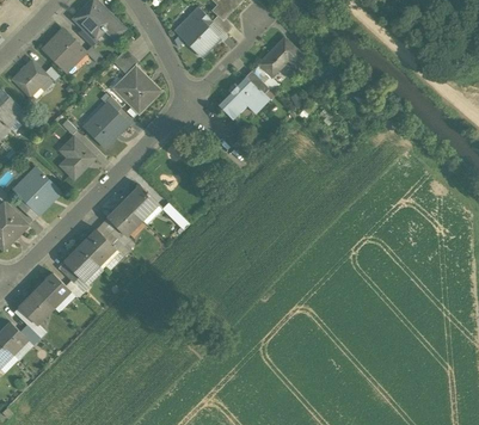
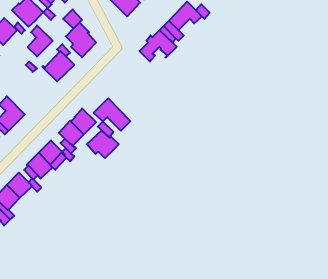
building: [60,135,94,178] -> [28,25,53,57]
building: none -> [94,98,130,131]
building: none -> [87,130,119,158]

